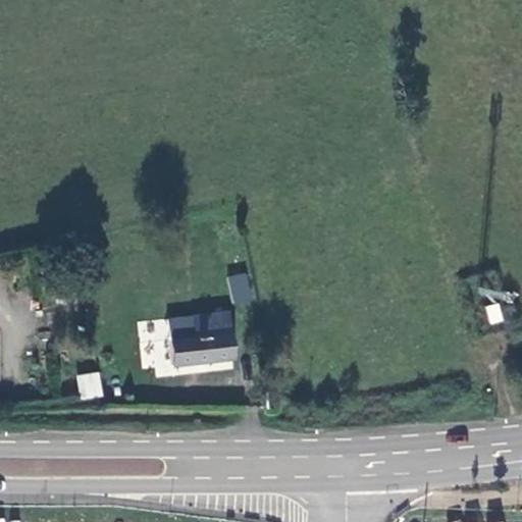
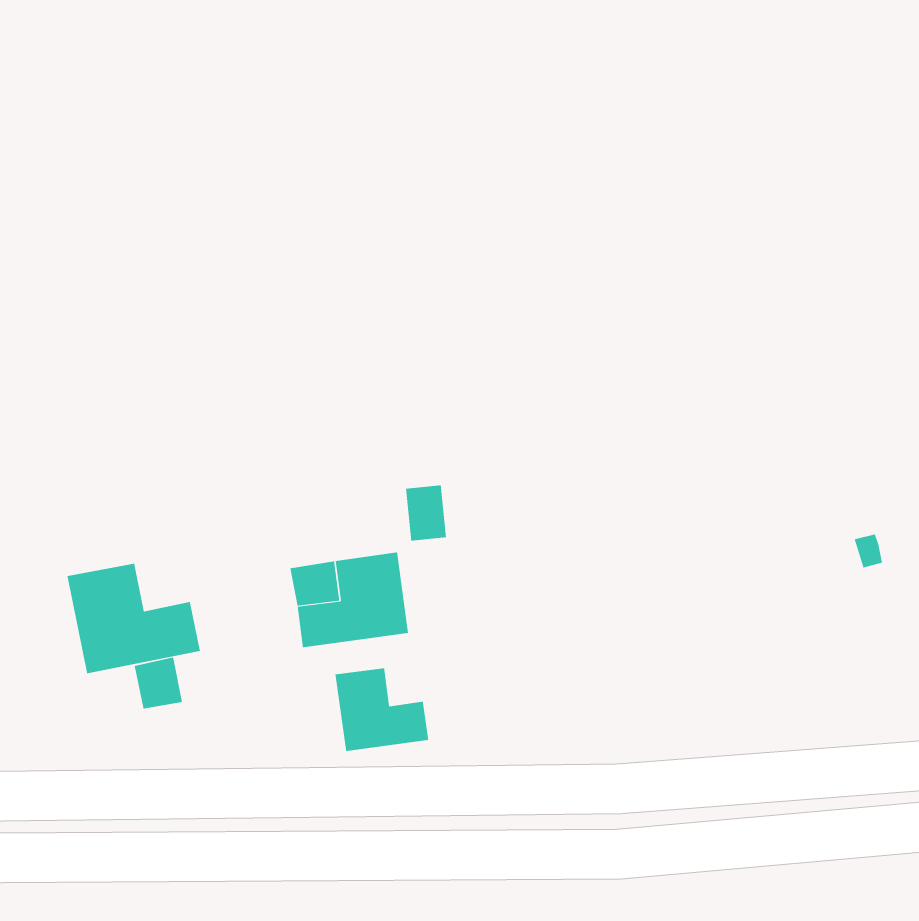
building: none -> [67,563,201,674]
building: none -> [335,668,429,752]

